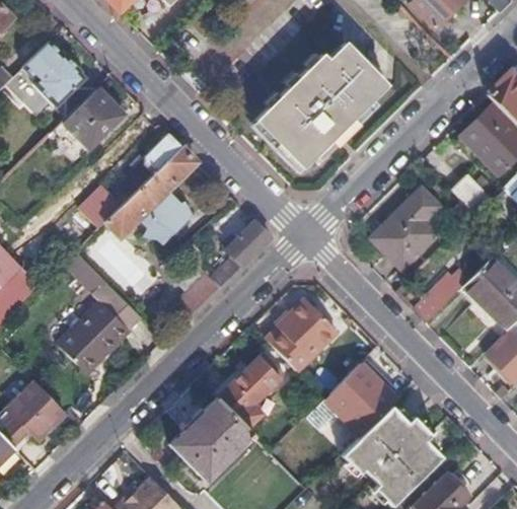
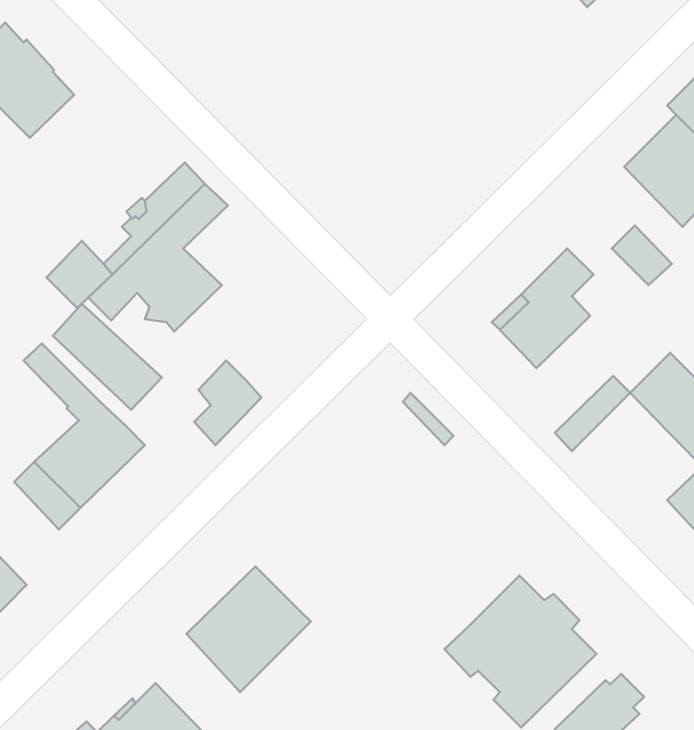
building: [254,44,381,169] -> none
building: [62,88,122,148] -> none
building: [210,221,272,288] -> none
building: [270,299,336,371] -> none
building: [216,353,283,430] -> none
building: [321,365,395,439] -> none

